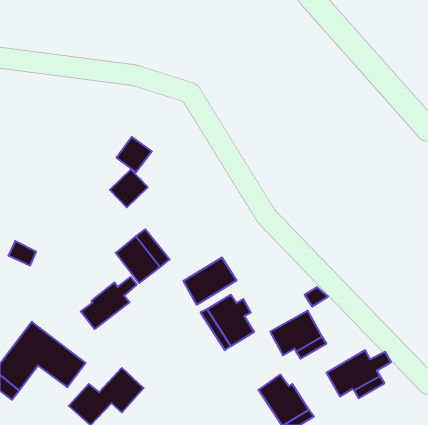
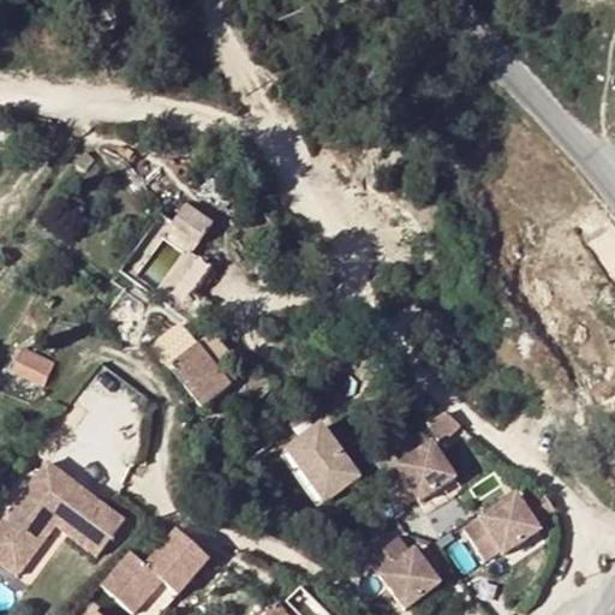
building: [183,257,236,305] -> none
building: [81,277,137,329] -> none

